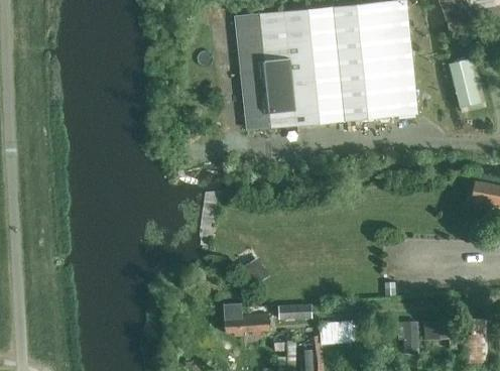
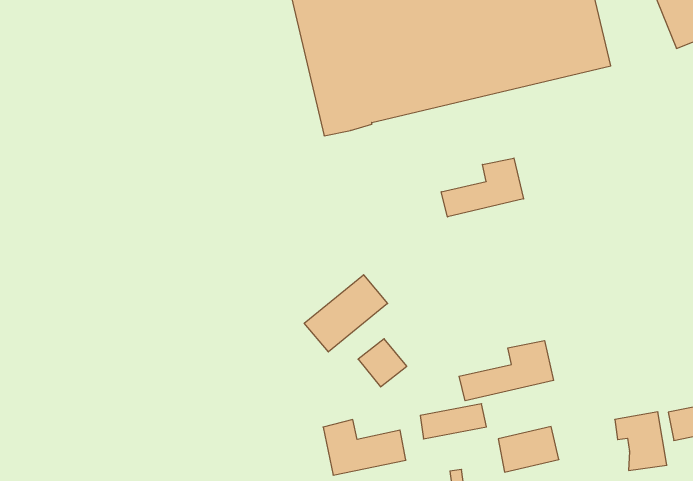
building: none -> [441,158,524,217]
building: none -> [304,275,388,352]
building: none -> [459,341,554,401]

